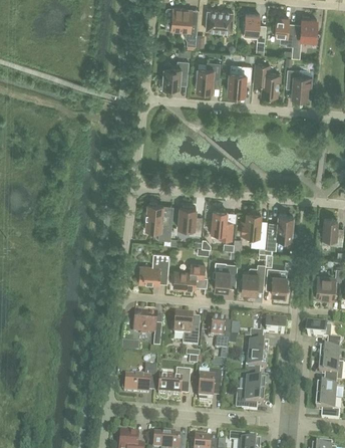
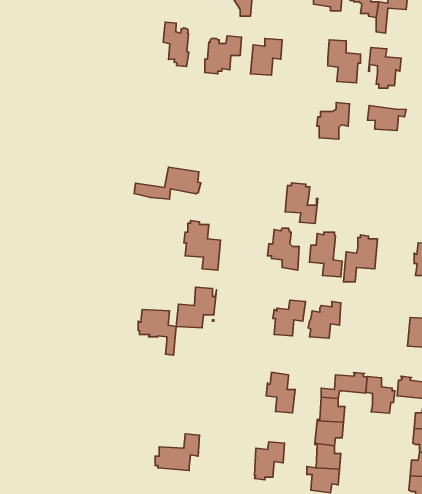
building: none -> [163,22,189,66]
building: [226,64,251,92] -> [317,102,349,139]
building: none -> [367,106,406,131]
building: none -> [134,167,201,199]
building: [177,204,202,235] -> [285,183,318,223]
building: [171,263,204,288] -> none
building: [266,266,288,294] -> [366,376,395,413]
building: [131,311,160,347] -> [138,309,176,355]
building: [171,314,198,345] -> none
building: [157,369,190,395] -> none

